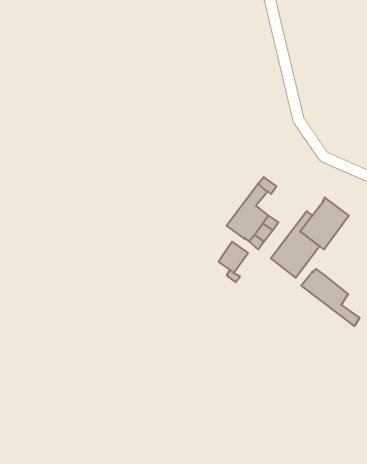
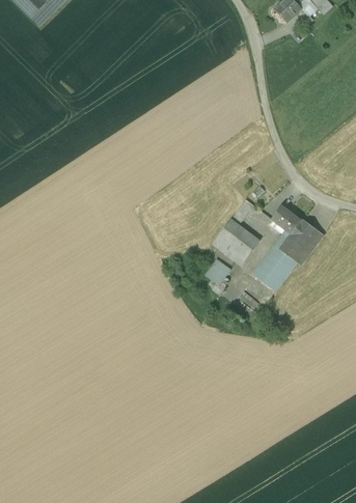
building: none -> [271,205,301,233]
building: [301,269,359,326] -> none

